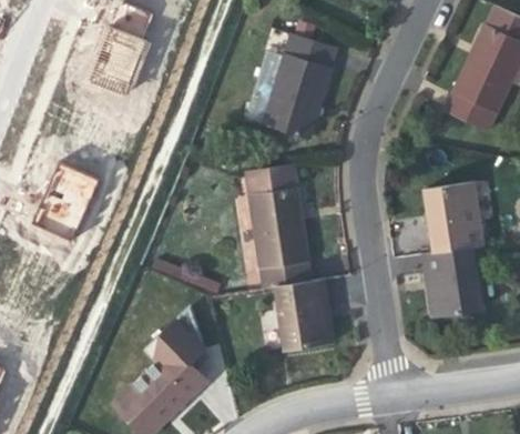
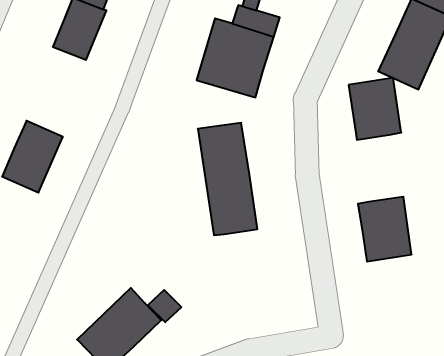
building: [425,184,482,252] -> [349,78,401,140]
building: [275,280,334,349] -> none
building: [161,307,203,363] -> none

